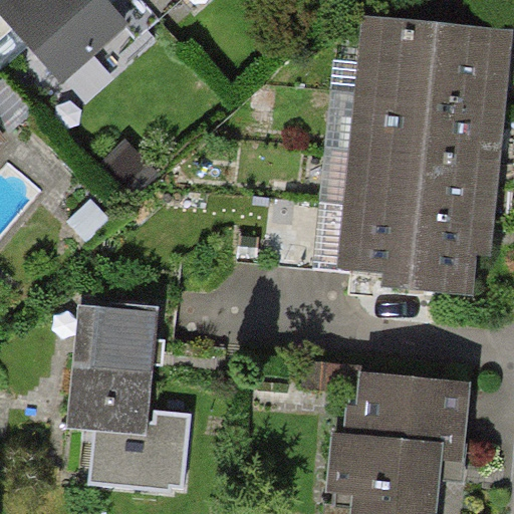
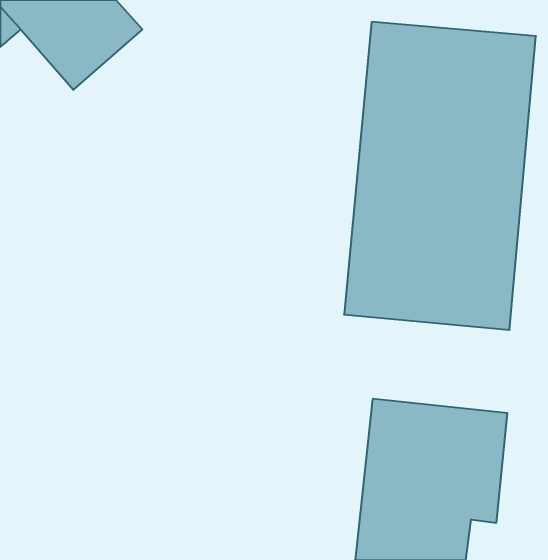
building: [64,295,188,494] -> none

